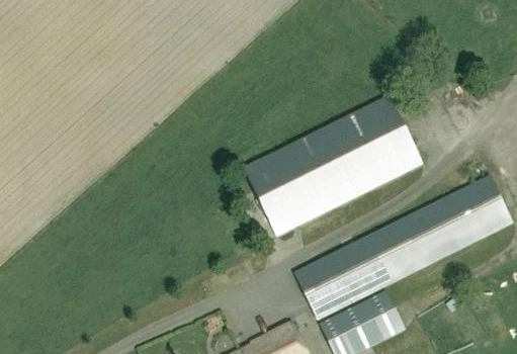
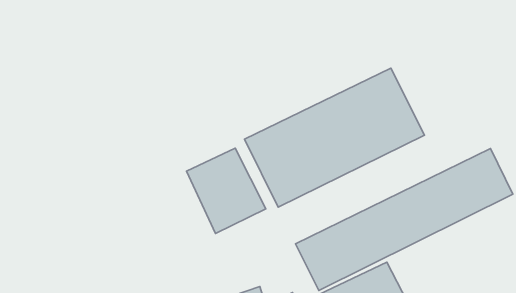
building: none -> [186,148,266,234]

